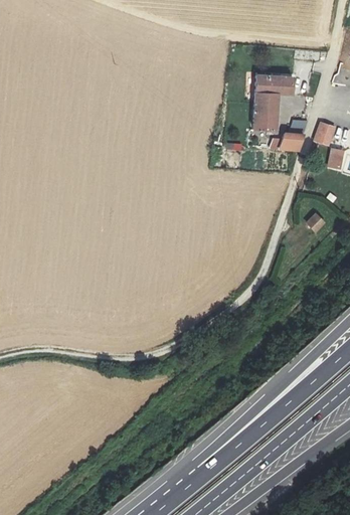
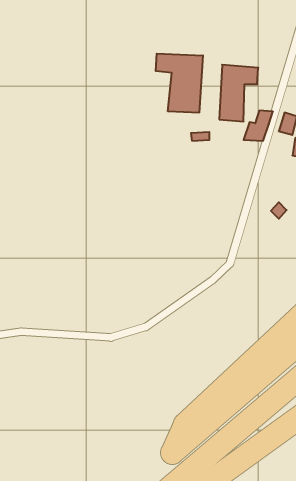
building: none -> [156,54,203,113]

